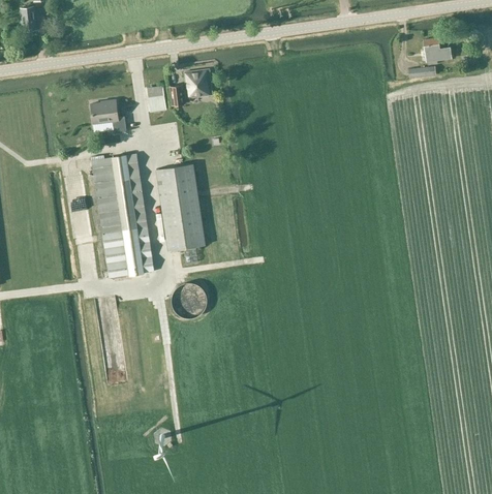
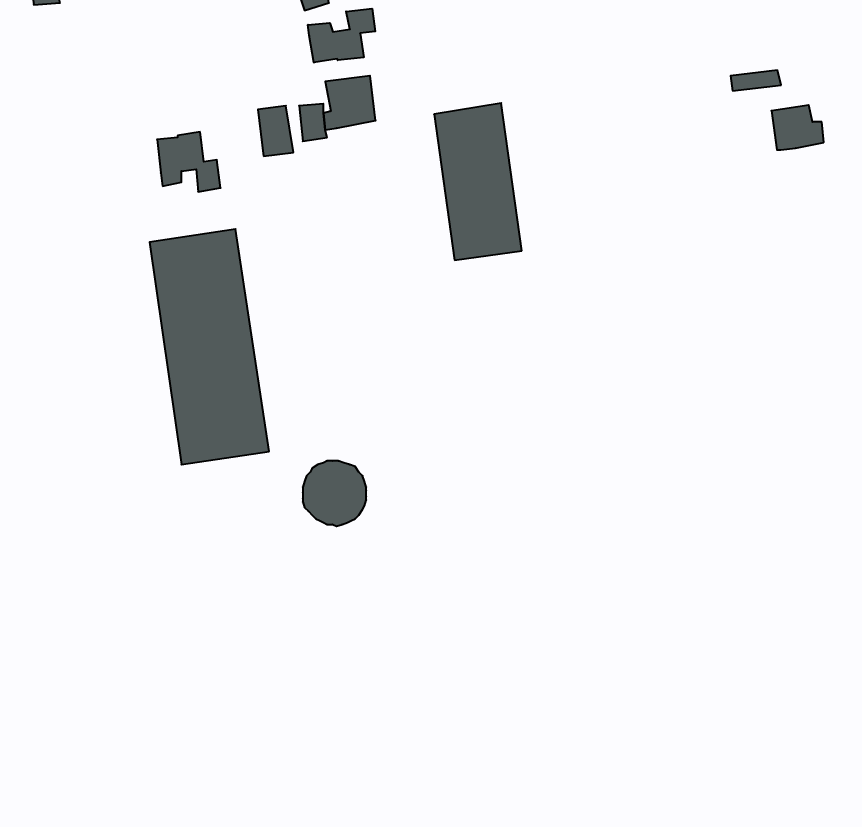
building: none -> [308,9,375,63]
building: [423,37,452,62] -> [771,105,824,150]
building: [156,163,205,250] -> [434,103,522,260]

